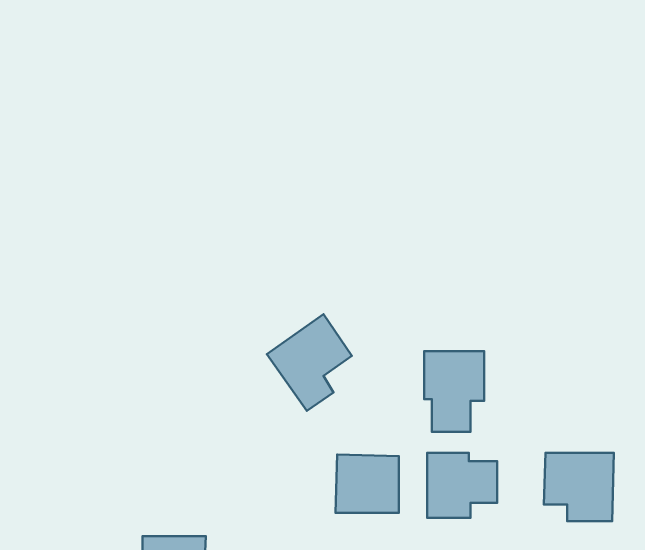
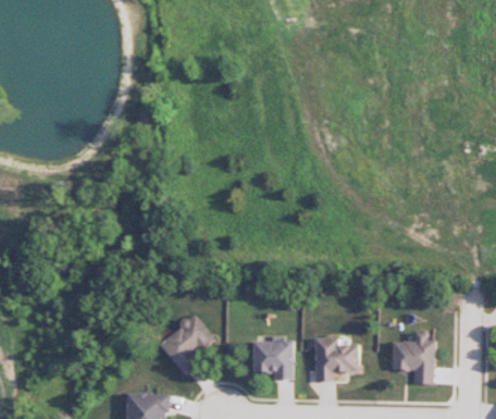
building: [267,314,352,411] -> [159,313,214,377]
building: [424,351,484,432] -> none

